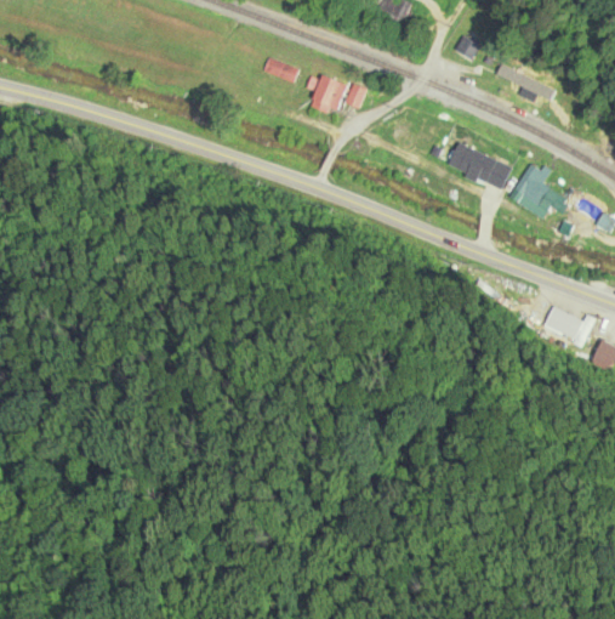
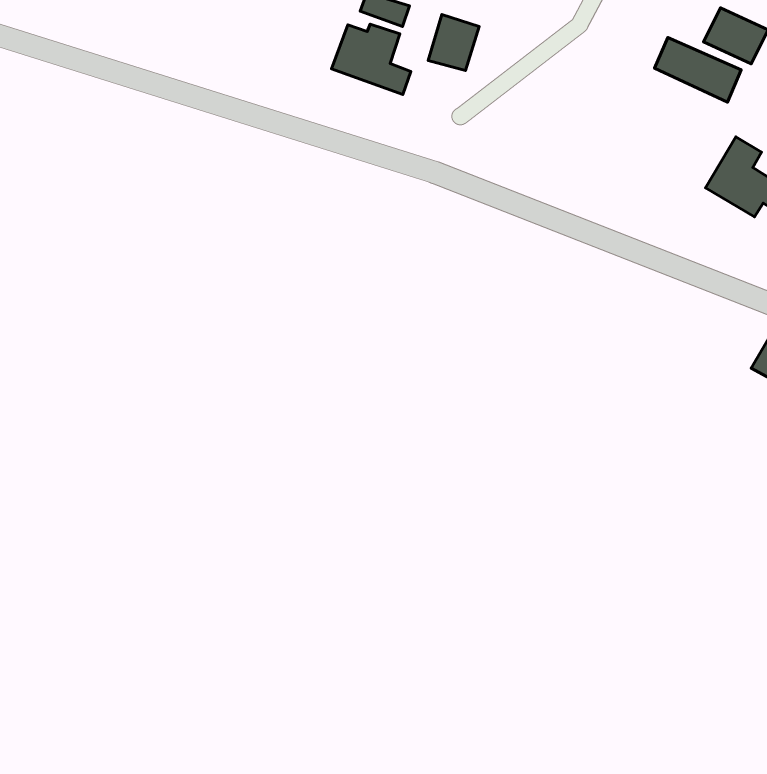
building: none -> [331,24,411,94]
building: [449,143,511,189] -> [654,38,741,102]

